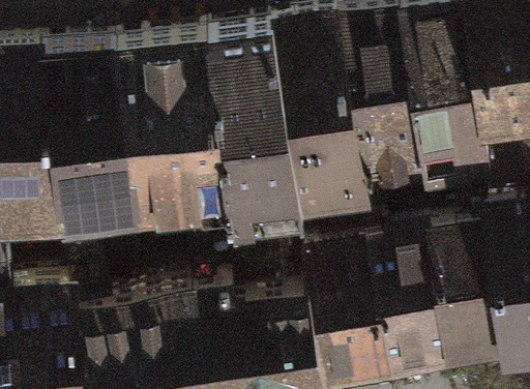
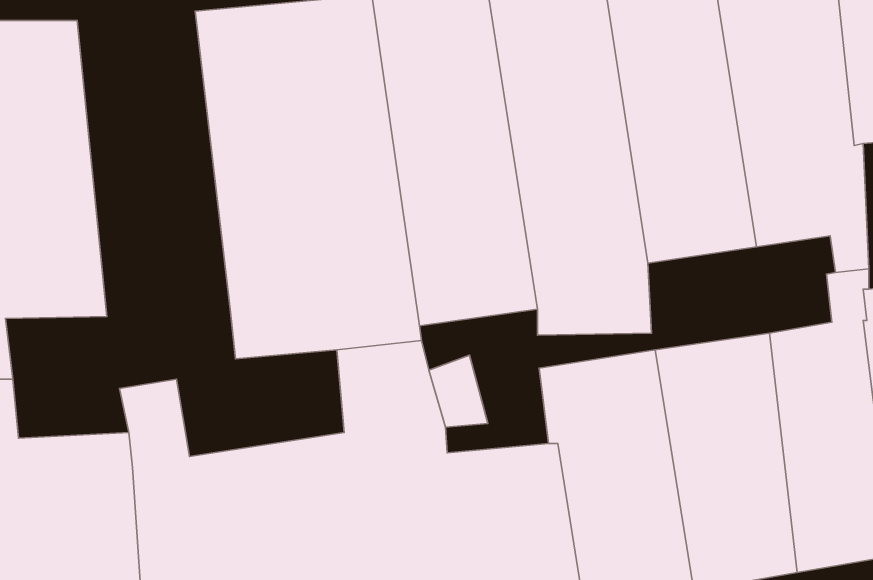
building: [62,39,148,251] -> none

